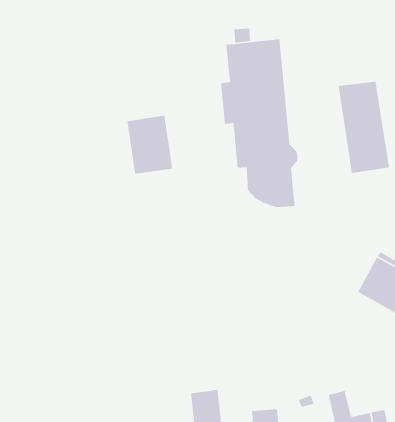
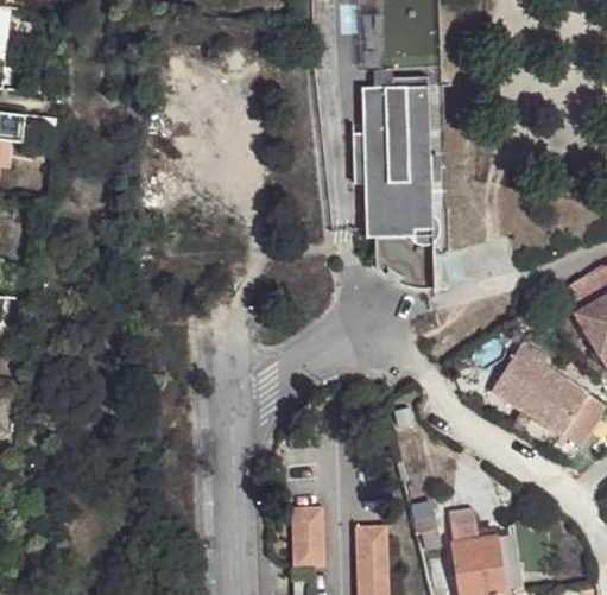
building: [338,81,390,174] -> none
building: [126,115,173,175] -> none

